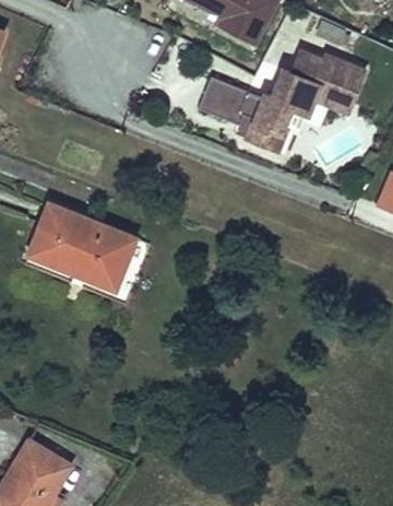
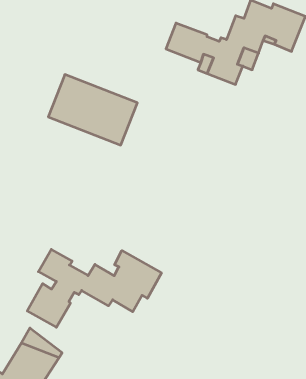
building: [31,204,136,289] -> [48,75,137,145]
building: none -> [27,249,161,327]

